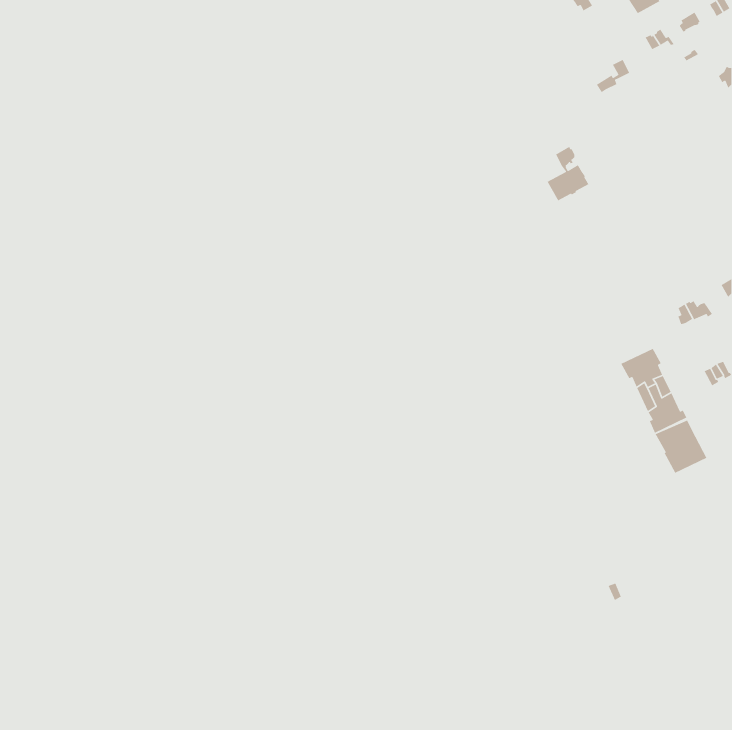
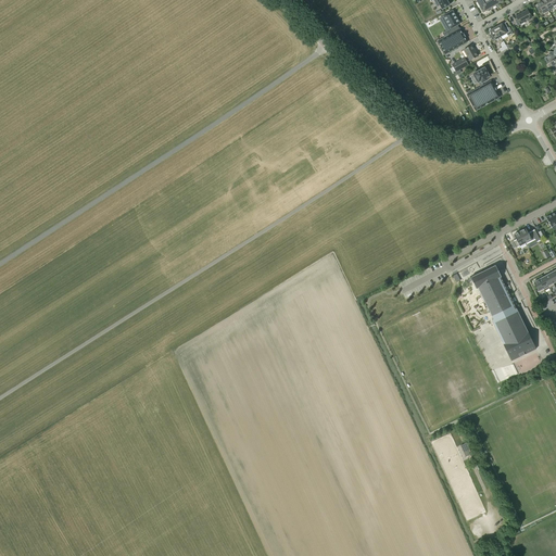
building: none -> [438,10,468,53]
building: [547,146,590,202] -> [467,66,500,109]

